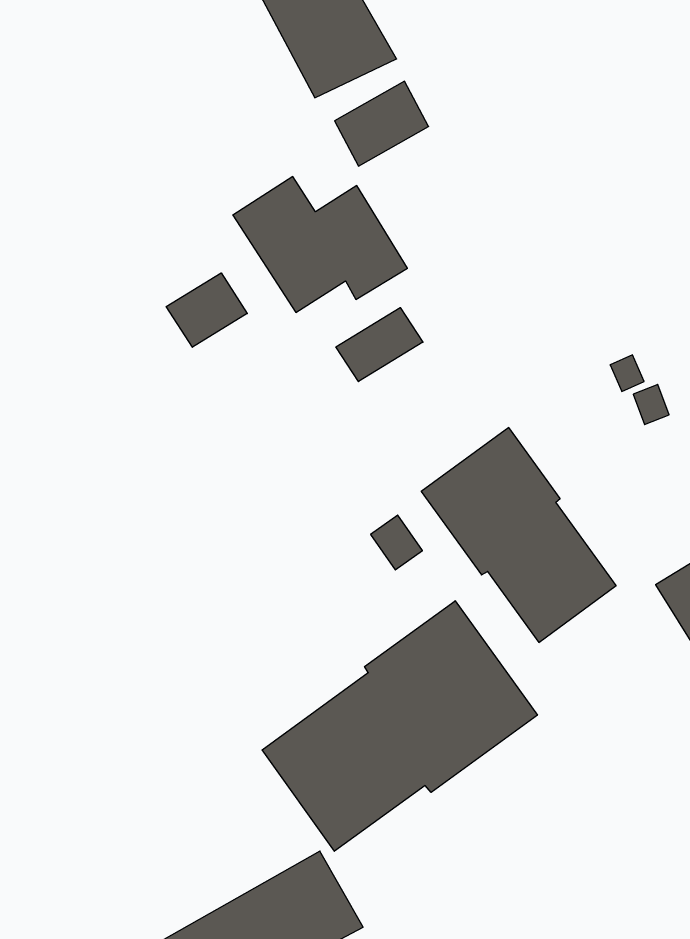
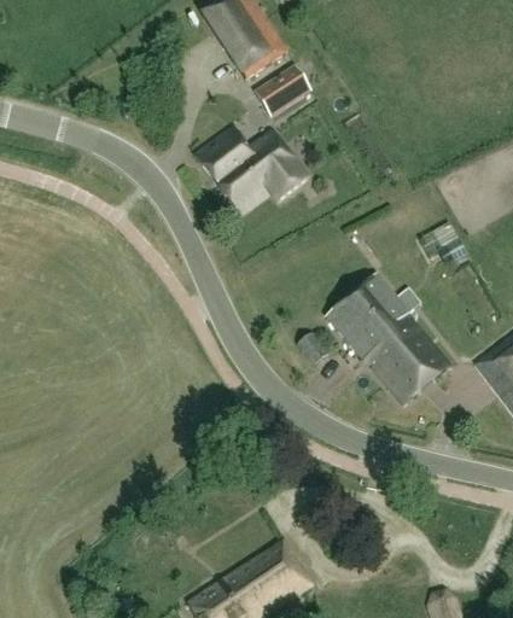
building: [166,273,247,347] -> none
building: [336,308,423,382] -> none
building: [262,601,537,851] -> none

